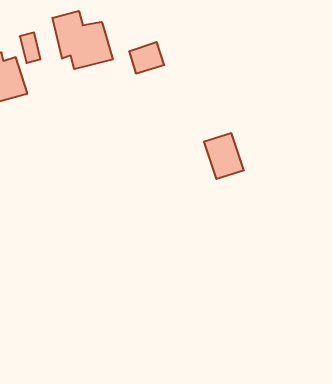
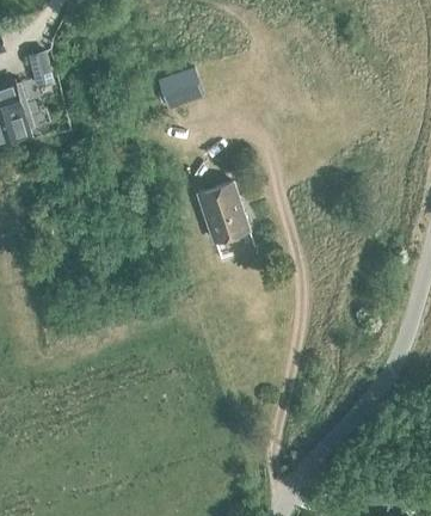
building: [52,11,113,69] -> none
building: [204,133,244,179] -> [201,183,251,240]

